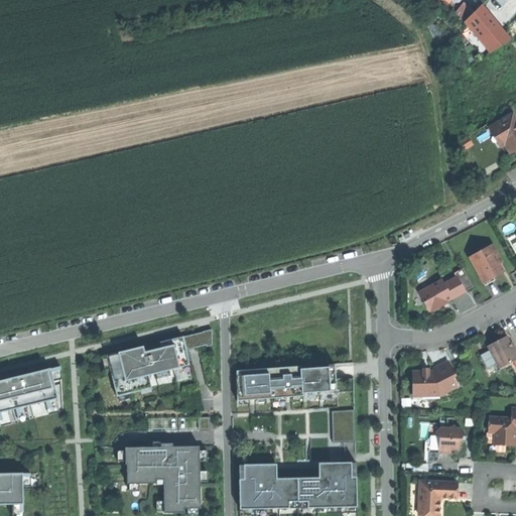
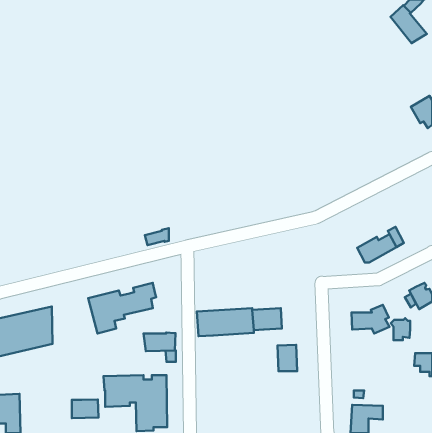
building: [475,245,509,284] -> none
building: [181,329,210,349] -> [145,228,169,245]
building: none -> [143,332,175,351]
building: [434,425,458,452] -> [391,318,410,340]
building: [237,464,355,508] -> none
building: none -> [72,399,99,418]

